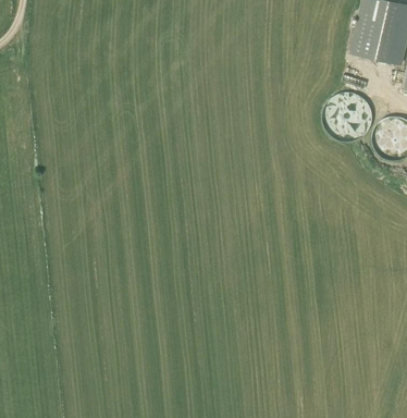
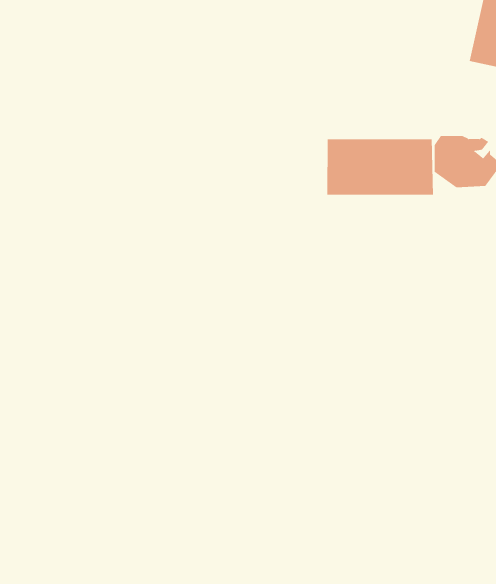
building: none -> [327,139,433,195]

